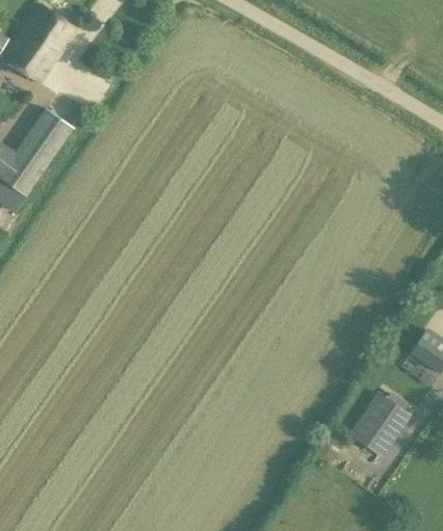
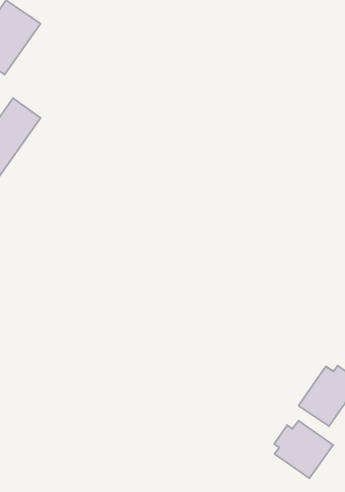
building: none -> [274,421,333,478]

